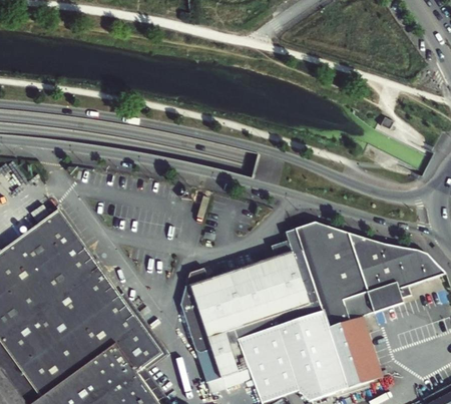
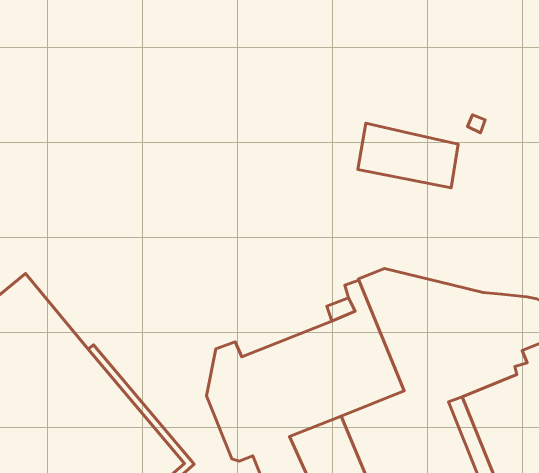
building: none -> [358,123,458,188]

